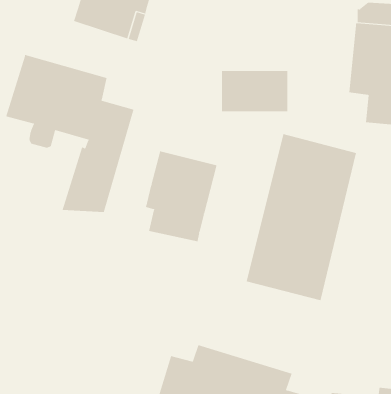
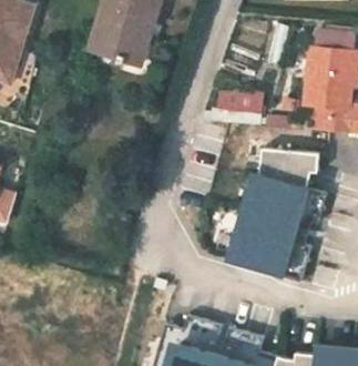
building: [6,54,134,213] -> none
building: [145,151,217,242] -> none

